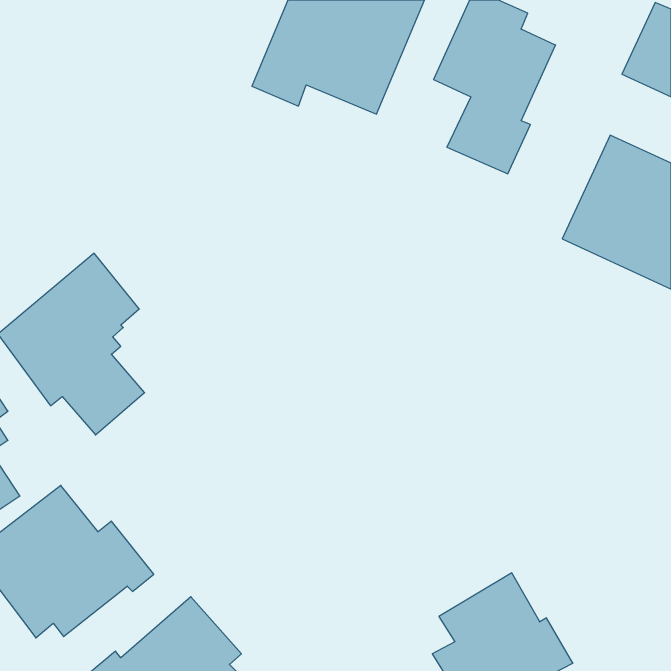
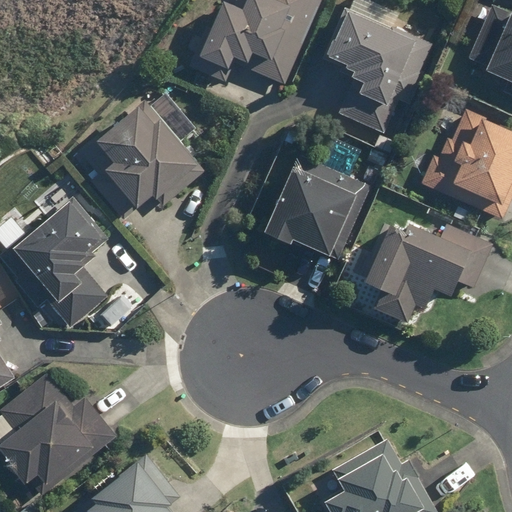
building: none -> [82,90,202,223]
building: none -> [266,157,371,256]
building: none -> [367,224,495,326]

